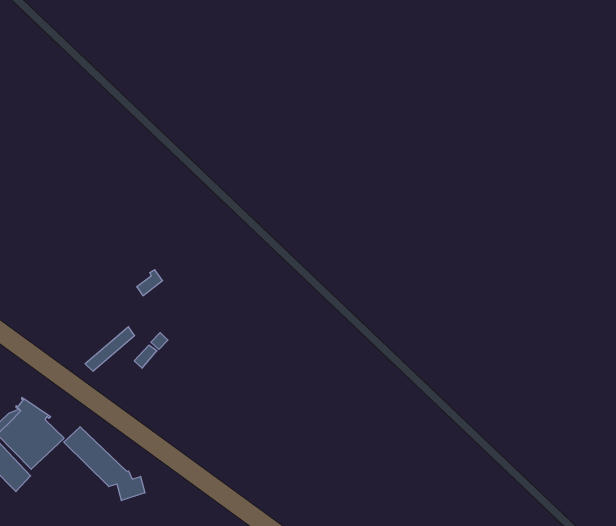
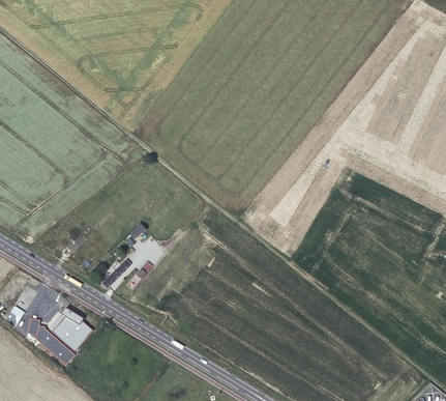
building: [64,427,145,501] -> none

